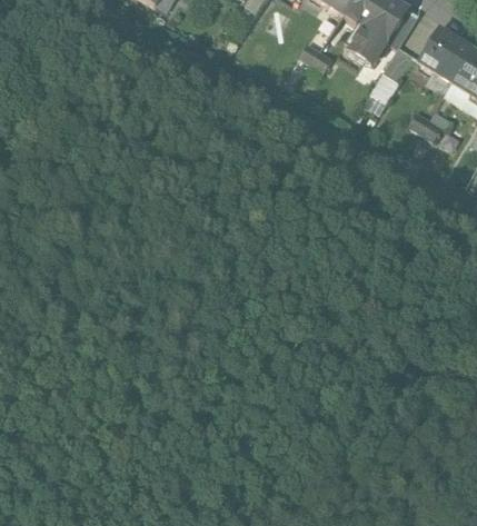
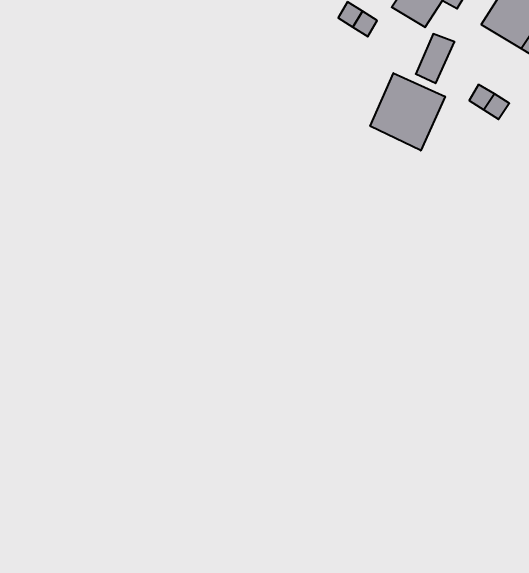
building: none -> [370,73,445,151]

